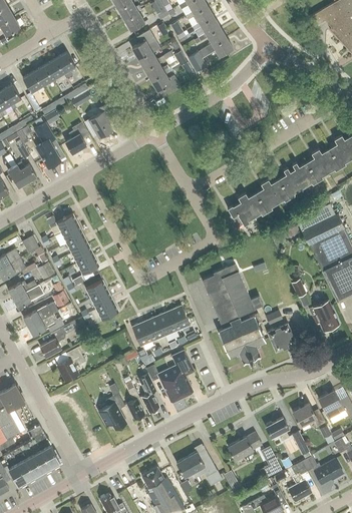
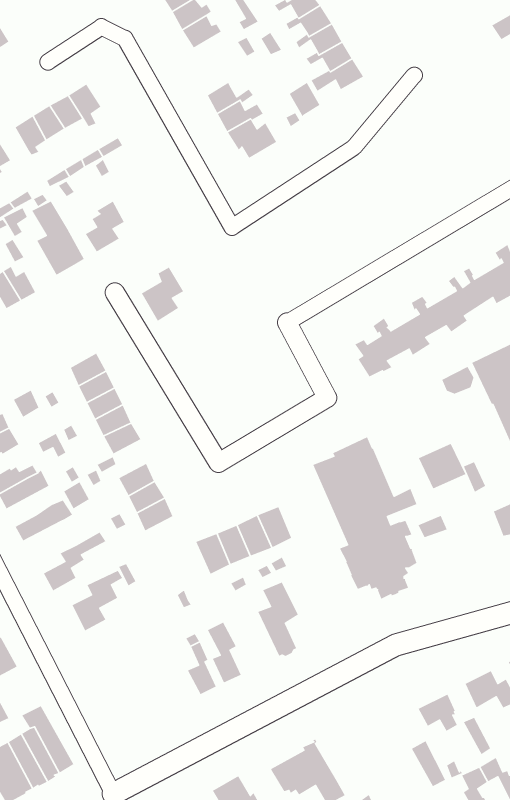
building: [131,30,159,59] -> none
building: [89,104,115,137] -> [141,267,184,322]
building: [28,314,63,337] -> none
building: [267,324,296,352] -> [418,443,466,489]
building: [146,365,182,402] -> none
building: [98,384,126,430] -> none
building: [228,433,262,464] -> none

